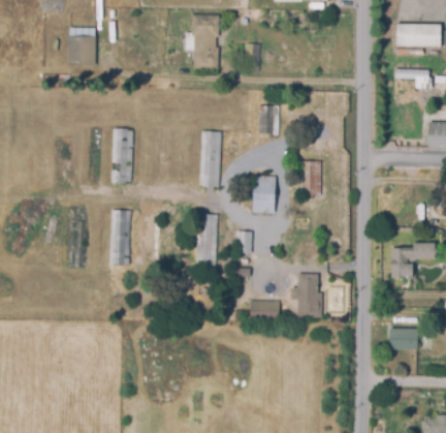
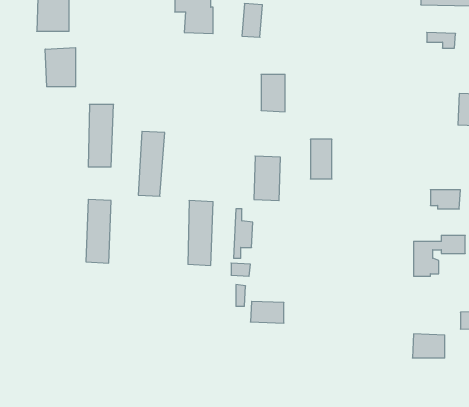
building: none -> [45,48,76,87]
building: [200,130,223,186] -> [138,131,165,196]
building: [292,273,323,317] -> none

